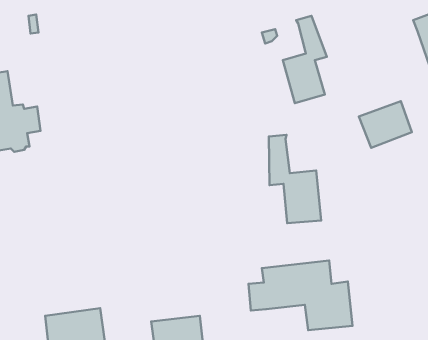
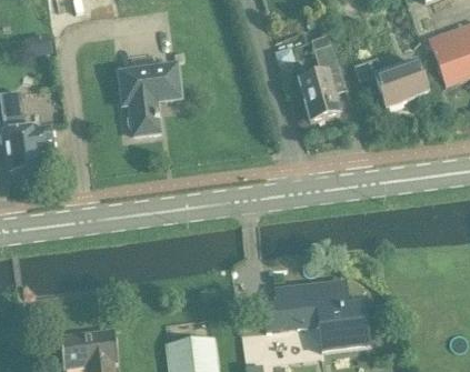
building: none -> [120,66,181,133]
building: [359,101,412,148] -> [374,60,428,107]
building: [269,135,321,223] -> none

